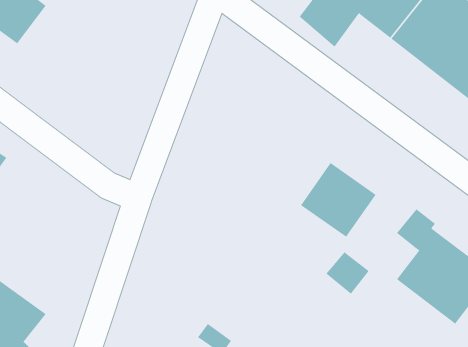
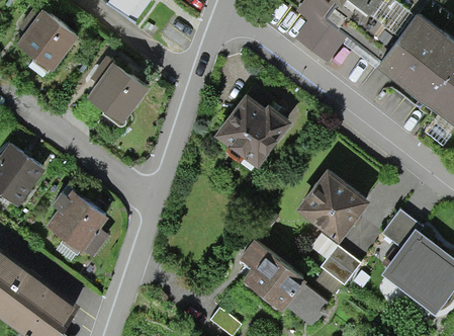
building: none -> [89,62,149,119]
building: none -> [216,95,286,165]
building: none -> [44,198,108,260]
building: none -> [240,241,327,326]

